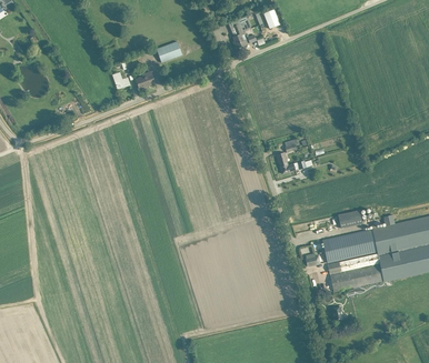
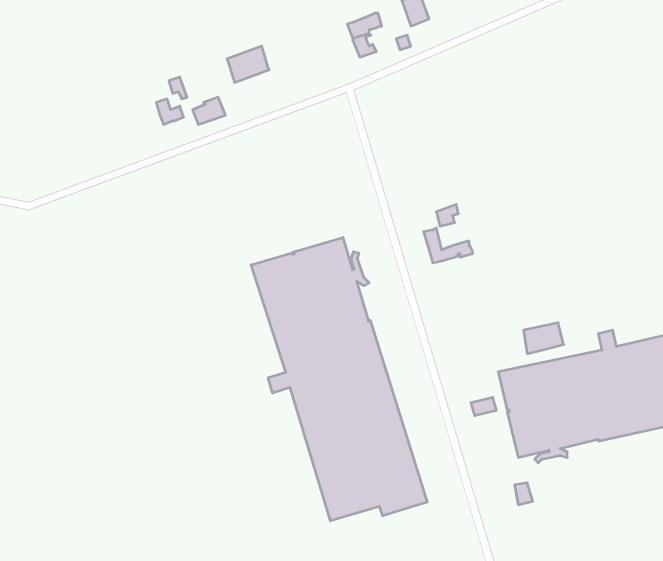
building: none -> [251,237,427,521]

